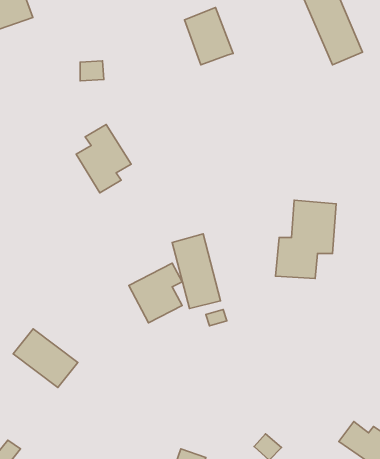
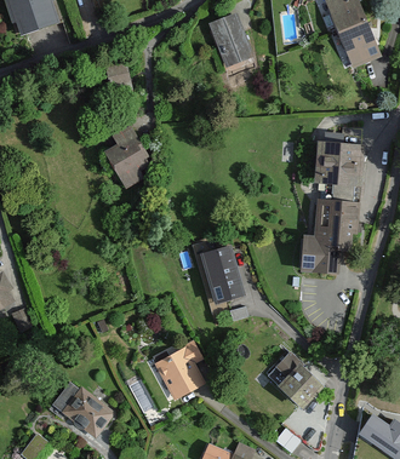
building: none -> [313,140,362,187]
building: [129,263,182,323] -> [154,342,206,400]
building: [13,329,78,387] -> [51,380,114,437]
building: none -> [274,351,322,411]

